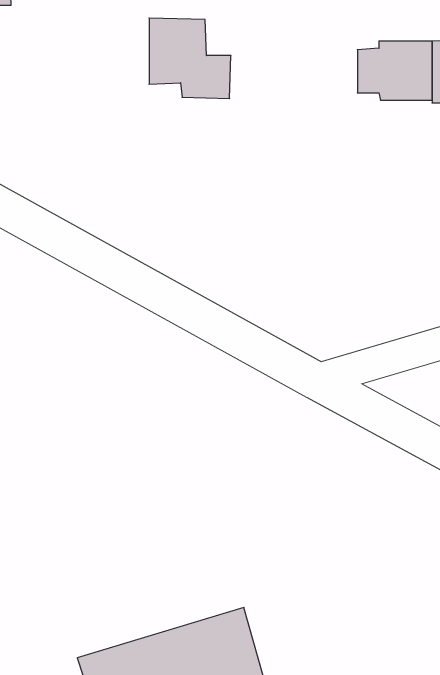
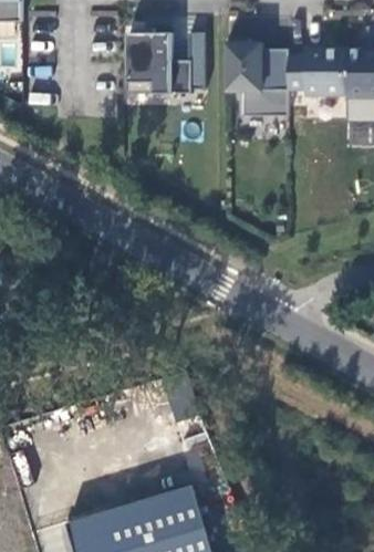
building: none -> [224,37,285,115]

